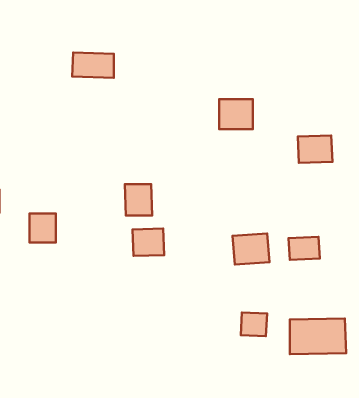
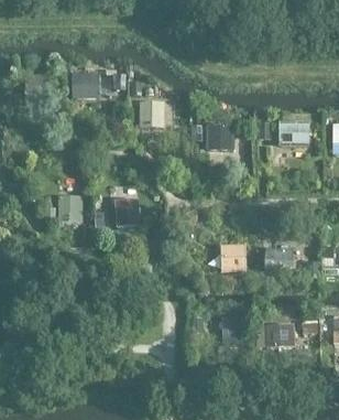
building: none -> [140,101,165,129]
building: [298,135,332,163] -> [278,120,310,146]
building: [30,214,56,242] -> [59,196,84,223]
building: [133,229,164,256] -> none

